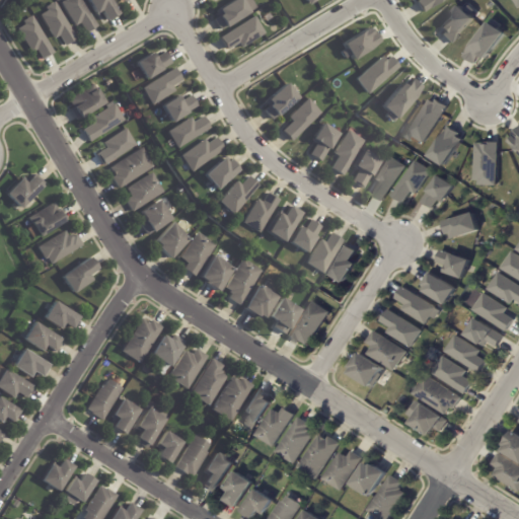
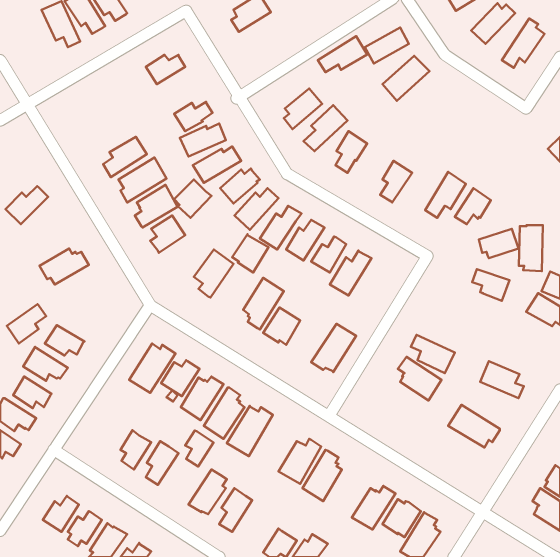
building: [220,14,266,48] -> [318,36,367,72]
building: [16,15,51,57] -> none
building: [141,67,181,105] -> none
building: [378,77,421,120] -> none
building: [67,83,104,120] -> none
building: [406,95,446,144] -> none
building: [80,102,126,141] -> none
building: [432,126,462,164] -> none
building: [331,129,366,174] -> none
building: [474,141,497,183] -> [519,225,543,271]
building: [372,155,405,201] -> none
building: [26,202,68,236] -> none
building: [154,223,189,258] -> [174,180,211,218]
building: [329,243,360,283] -> none
building: [199,255,232,291] -> [232,234,268,272]
building: [61,256,97,293] -> [7,304,46,343]
building: [423,271,457,305] -> none
building: [396,286,441,323] -> none
building: [473,293,513,327] -> none
building: [270,297,301,332] -> none
building: [465,318,503,346] -> none
building: [351,354,384,388] -> none
building: [431,355,471,392] -> none
building: [86,379,122,421] -> none
building: [241,388,274,430] -> none
building: [412,403,448,436] -> none
building: [157,431,183,464] -> [185,430,214,466]
building: [301,434,344,479] -> none
building: [225,471,254,509] -> none

